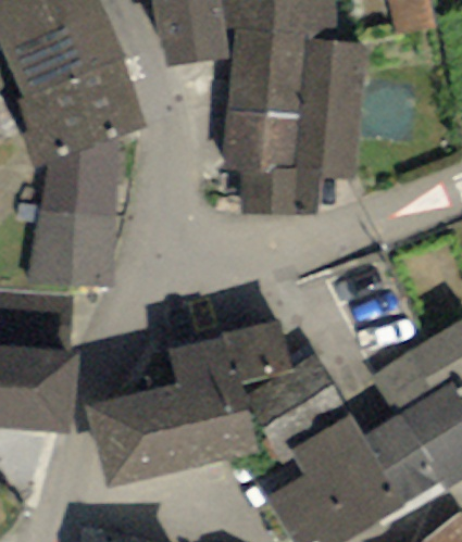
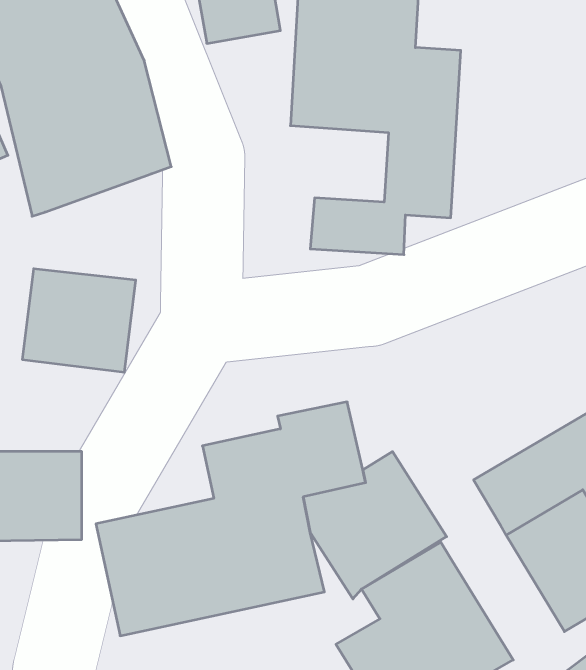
building: [230,102,309,161] -> none
building: [37,139,127,220] -> none
building: [355,408,444,512] -> none

